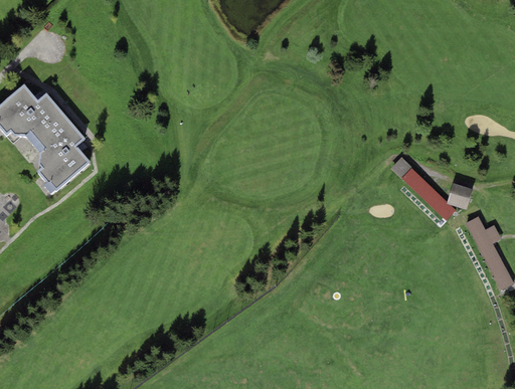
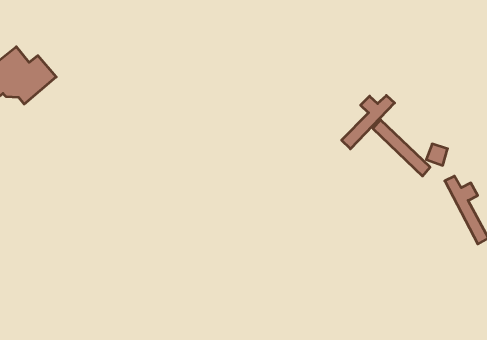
building: [31,115,90,193] -> none
building: none -> [342,95,395,149]

